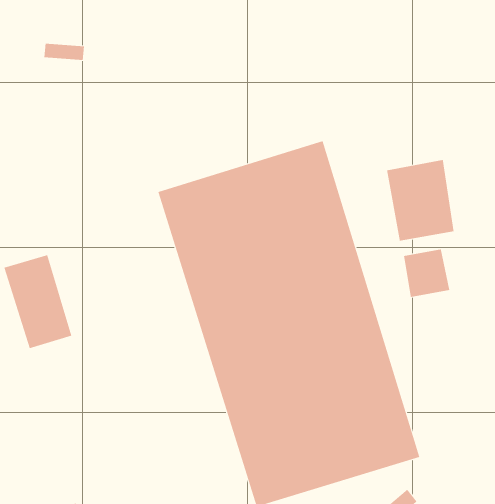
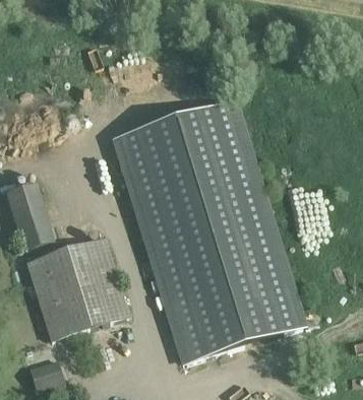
building: [387,159,454,242] -> none
building: none -> [26,237,129,339]

